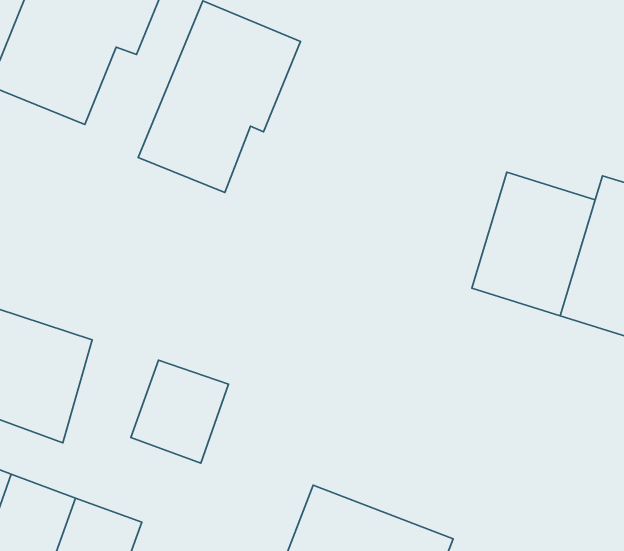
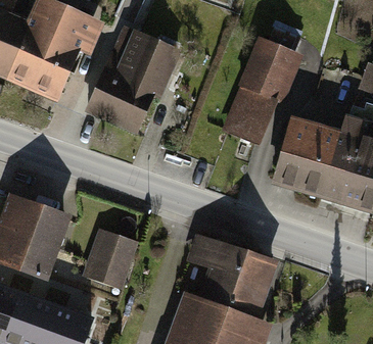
building: none -> [225,34,309,145]
building: none -> [189,230,283,305]

